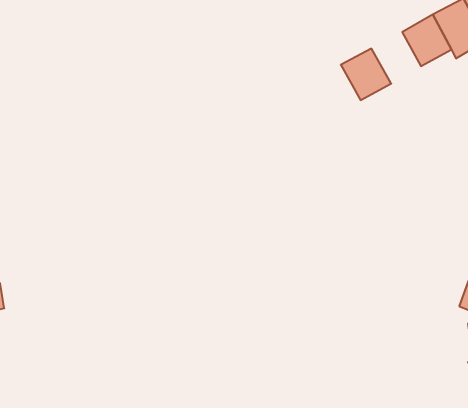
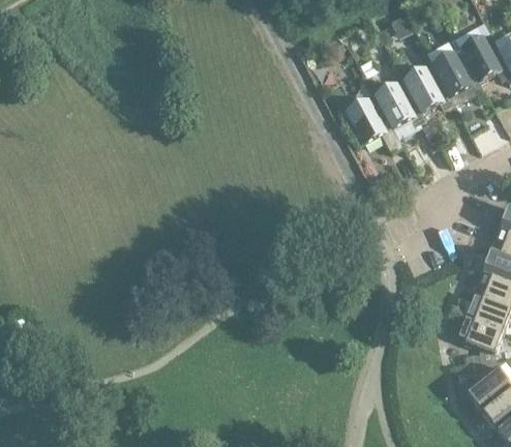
building: none -> [377,74,428,130]

